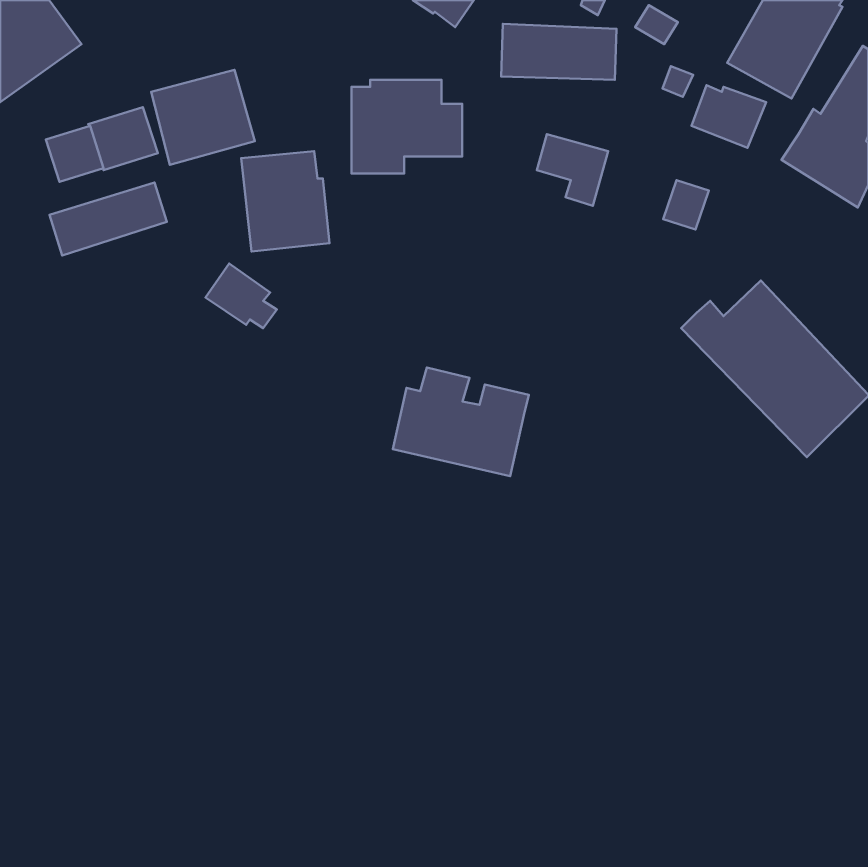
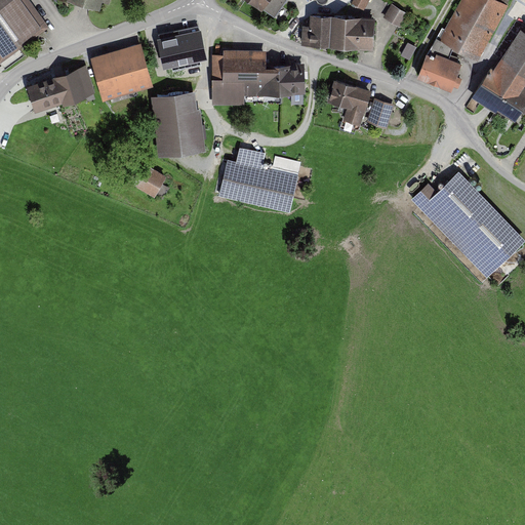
building: none -> [158,29,207,68]
building: none -> [279,64,306,93]
building: [663,180,709,229] -> [367,98,395,128]
building: [50,183,167,255] -> none
building: [393,368,529,476] -> [219,147,301,212]

